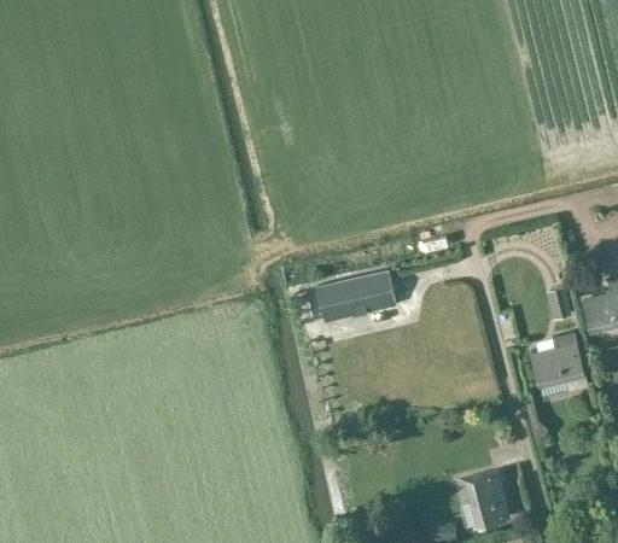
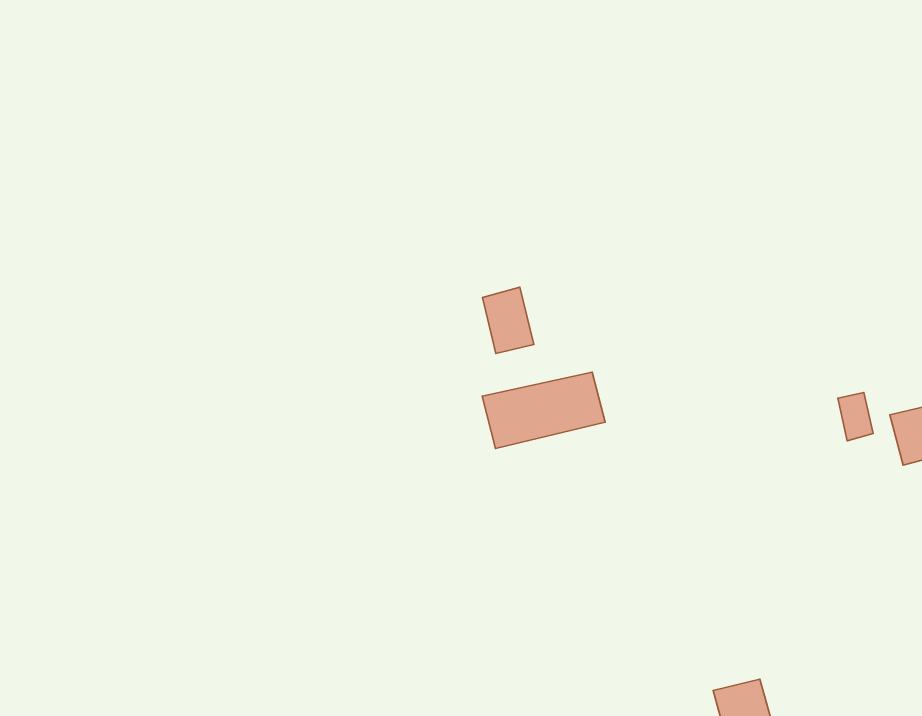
building: none -> [483,287,534,353]
building: [529,333,587,391] -> none

